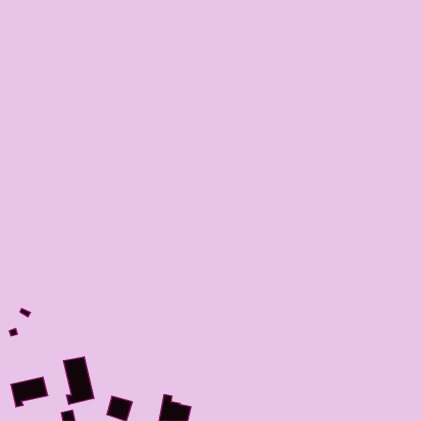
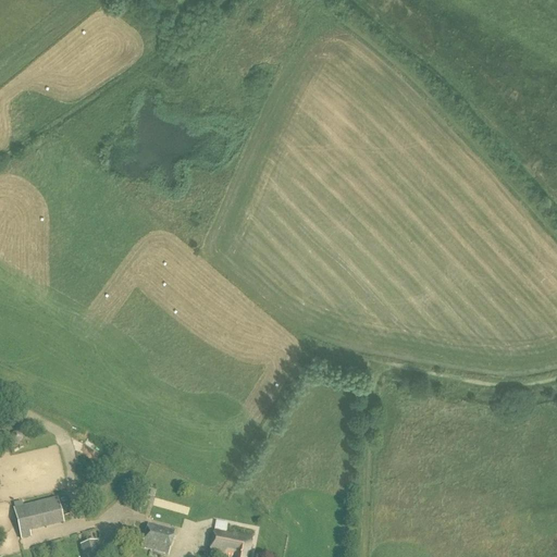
building: [63,357,94,405] -> none

